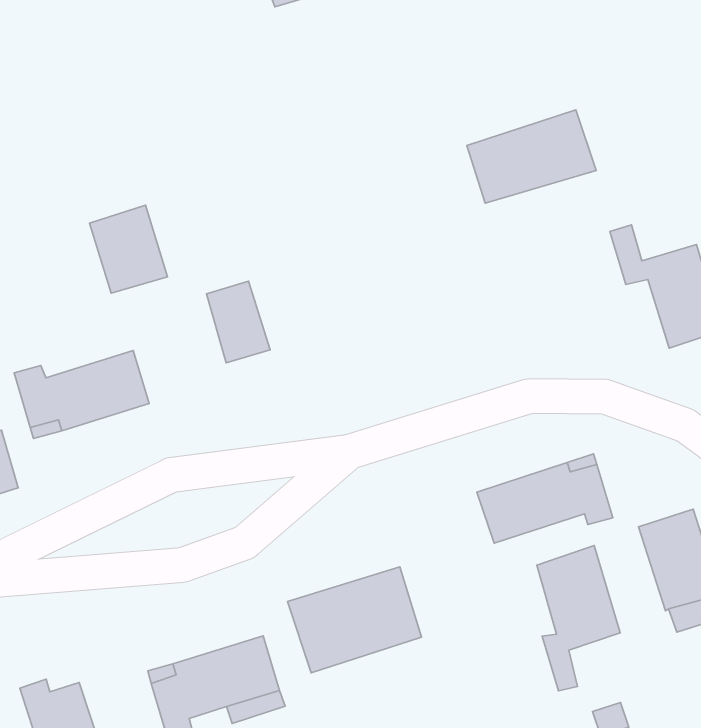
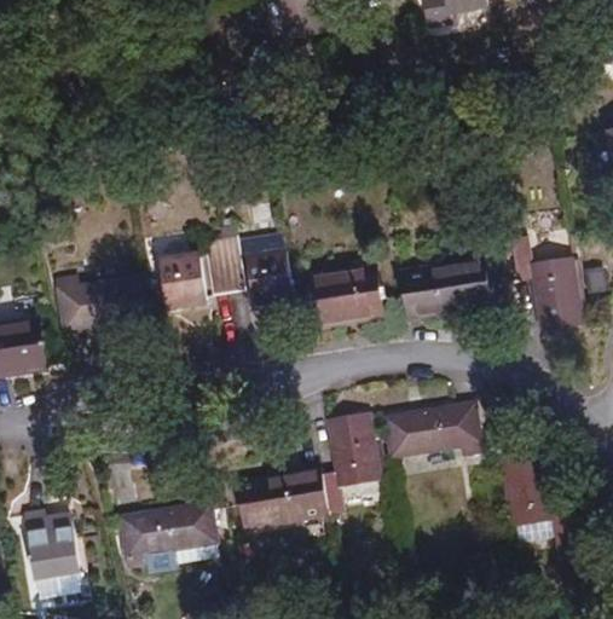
building: [467,110,596,203] -> [400,258,493,317]
building: [90,205,168,293] -> [156,250,208,312]
building: none -> [247,248,295,306]
building: none -> [306,266,383,320]
building: [537,545,620,691] -> [323,410,381,514]

